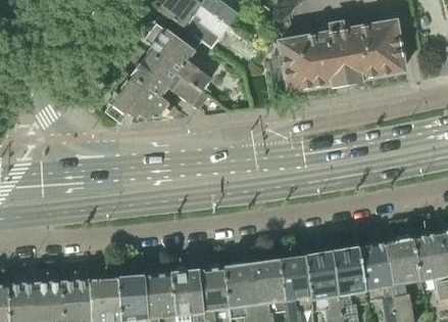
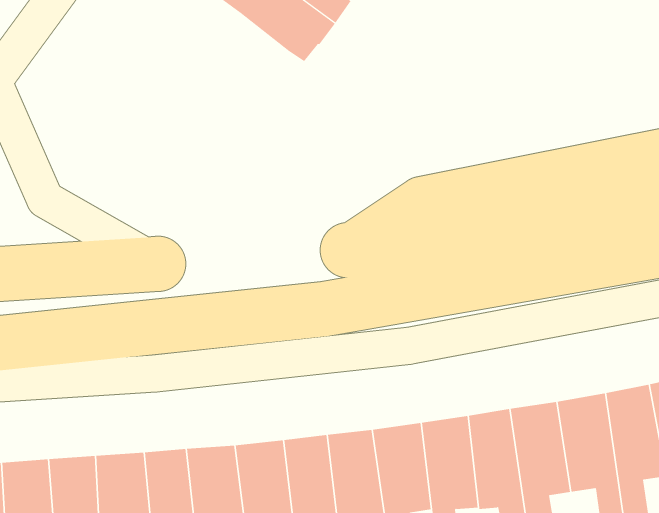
building: [107,19,212,123] -> none
building: [269,20,404,90] -> none

